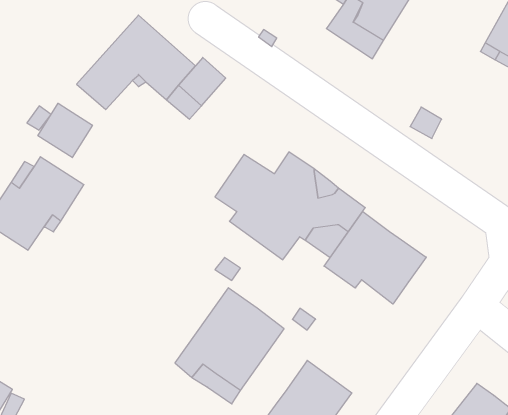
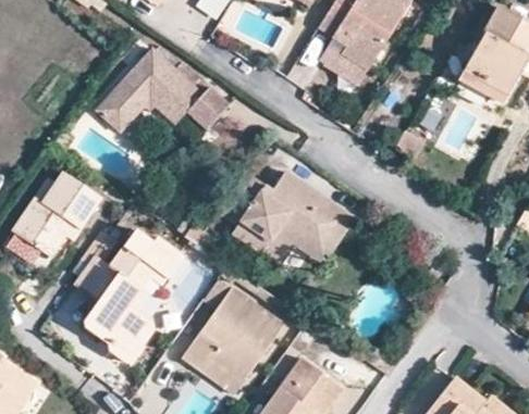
building: [38,103,92,158] -> none
building: [324,212,426,304] -> none
building: none -> [73,231,183,364]

